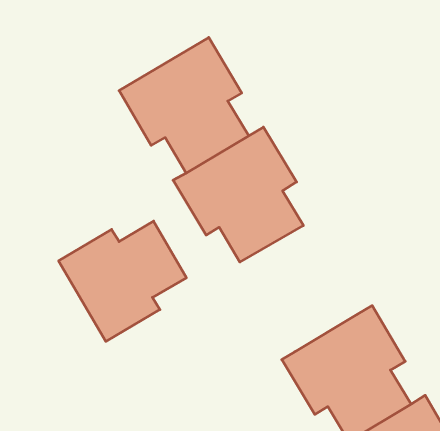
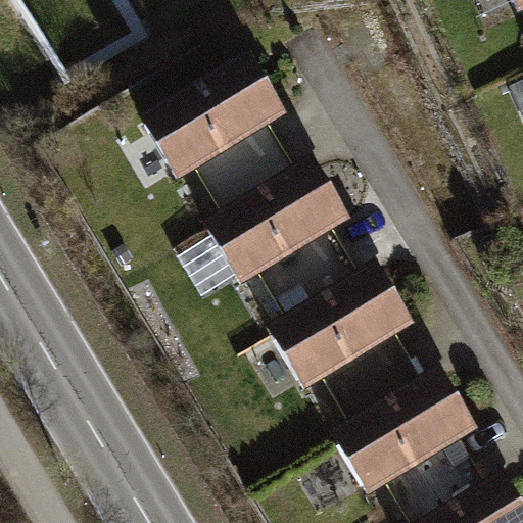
building: none -> [273,270,425,429]
building: [59,221,186,341] -> none

